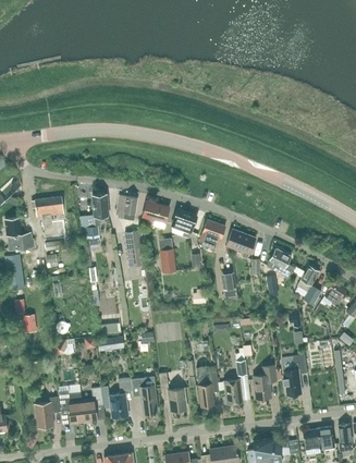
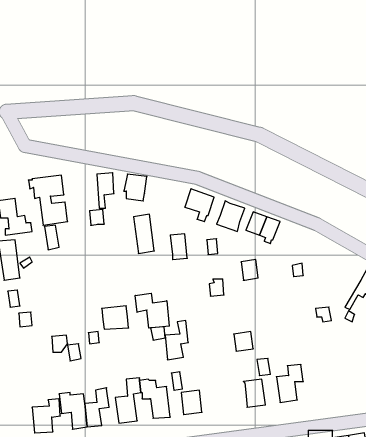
building: [142,200,169,226] -> none
building: [267,247,294,278] -> none
building: [297,265,320,304] -> none
building: none -> [135,293,169,328]
building: [282,354,307,394] -> none
building: [198,371,219,406] -> [165,321,188,360]

